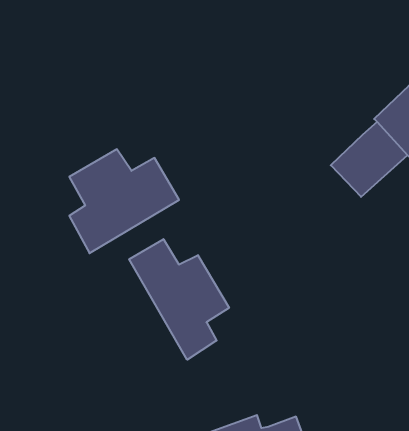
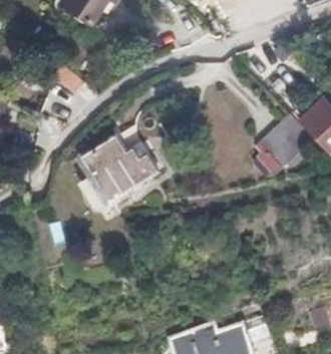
building: [129,239,229,360] -> none

